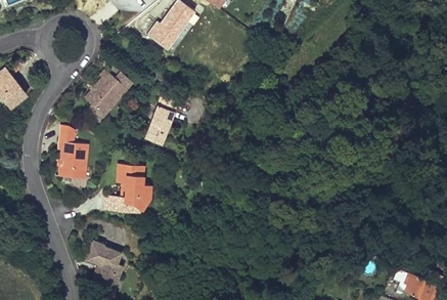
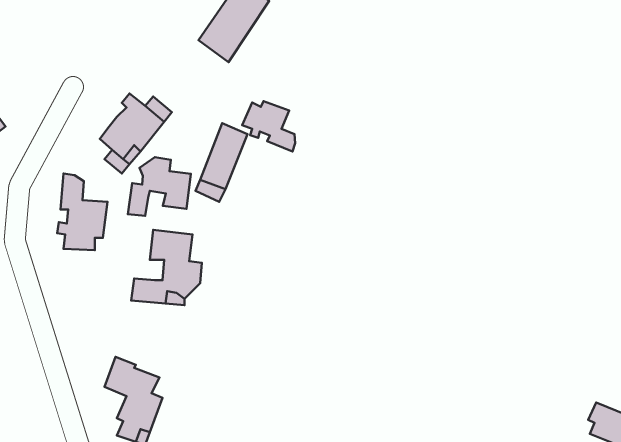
building: none -> [242,101,295,151]
building: none -> [128,157,191,216]

